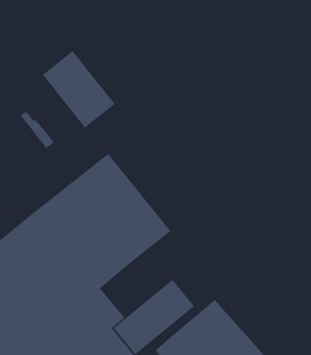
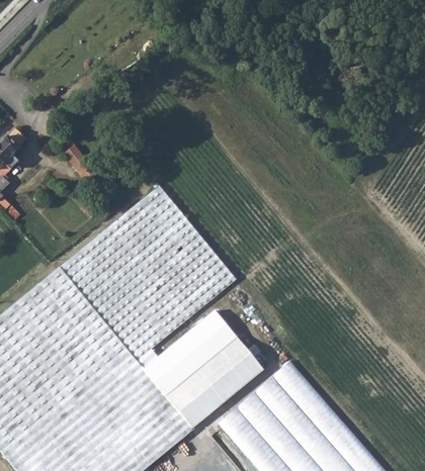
building: [42,50,115,129] -> none
building: none -> [156,311,237,384]

